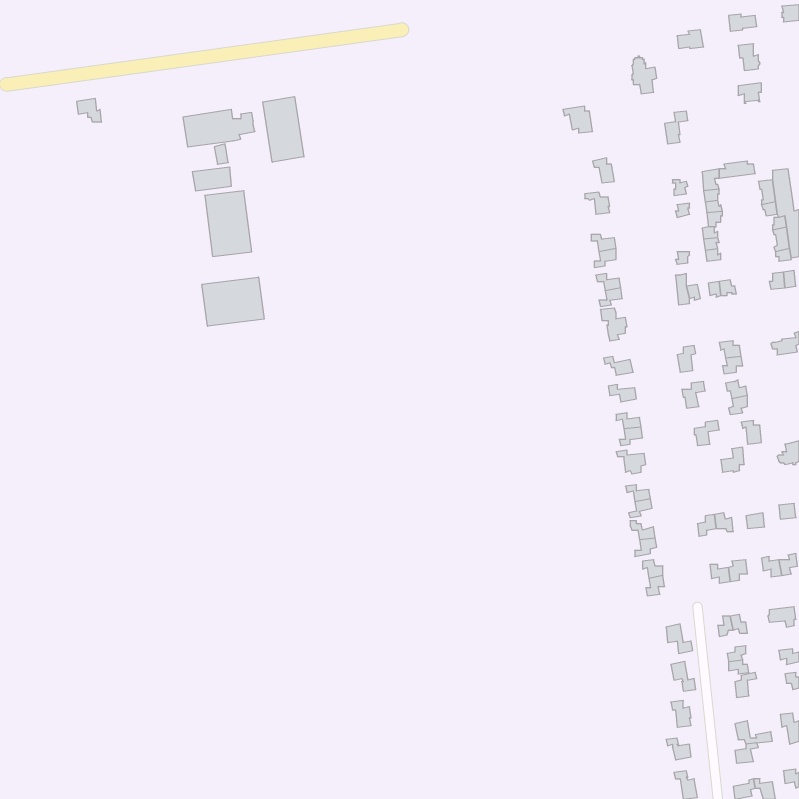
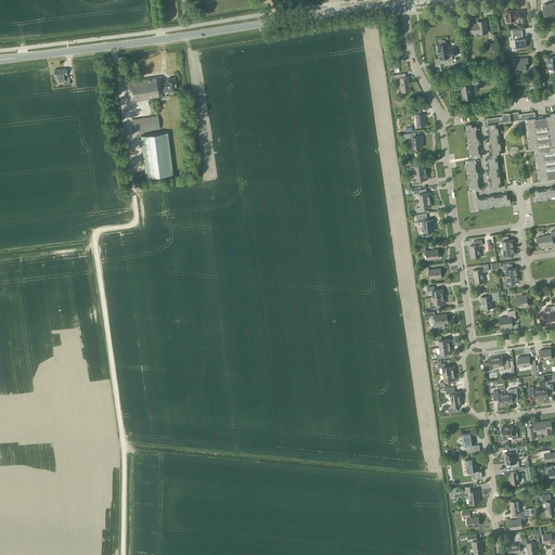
building: [263,97,304,162] -> none
building: [202,277,264,326] -> none

